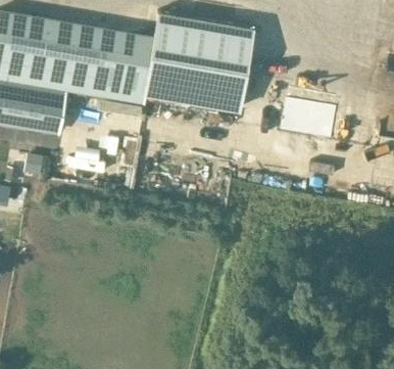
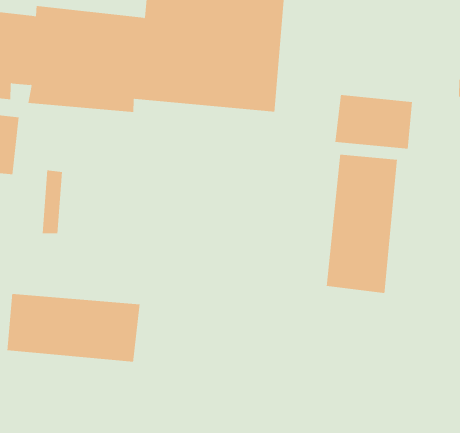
building: none -> [326,154,397,294]
building: none -> [7,293,140,363]

